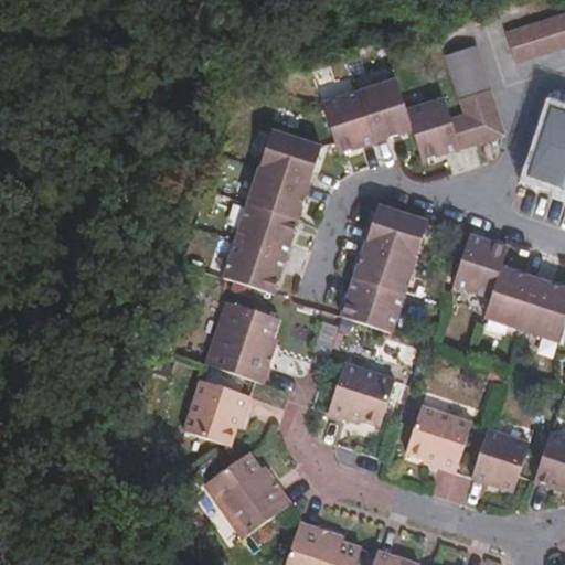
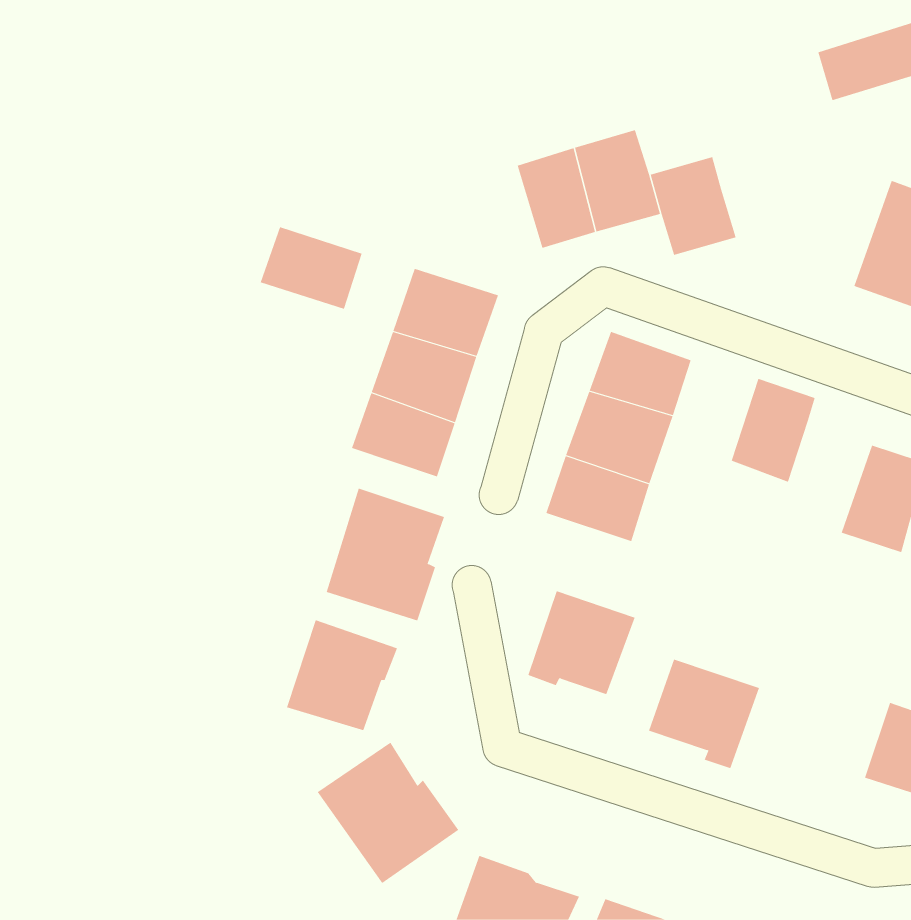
building: [446,44,502,146] -> none
building: [259,130,322,181] -> [260,227,362,309]
building: [483,258,540,327] -> none
building: [471,428,530,491] -> none

